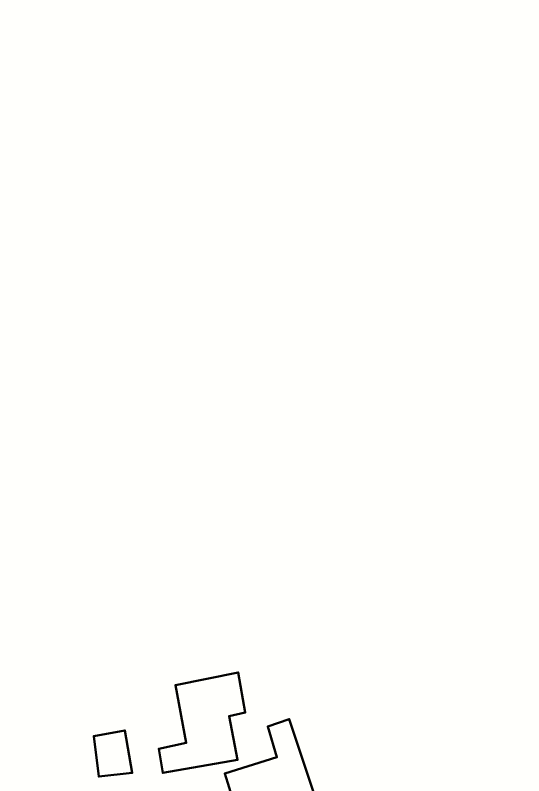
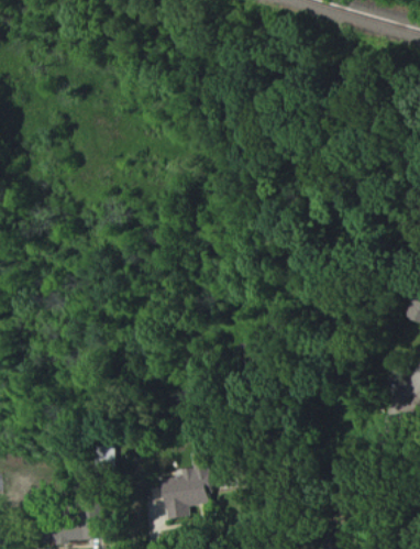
building: [159,672,245,773] -> none

